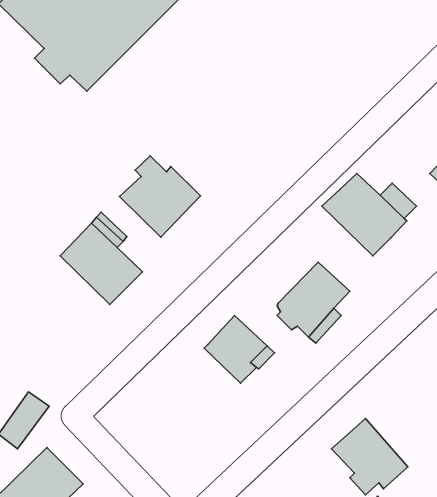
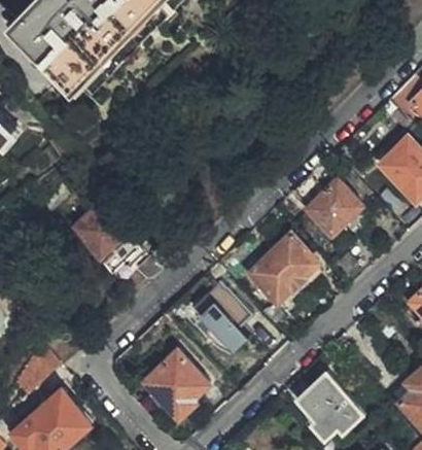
building: [119,156,201,237] -> none
building: none -> [142,354,205,421]

